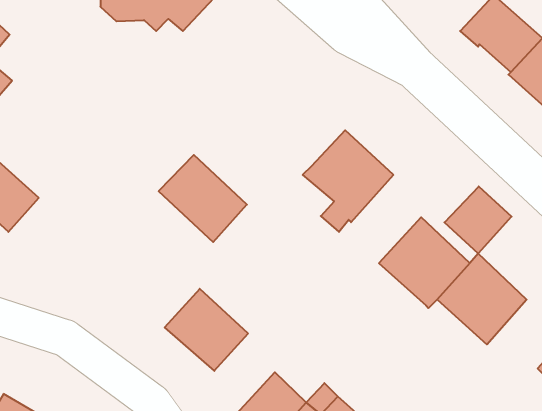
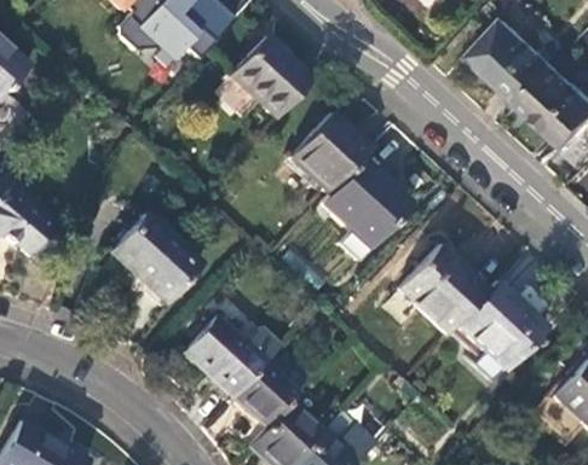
building: none -> [231,36,312,117]
building: none -> [290,112,371,193]
building: [159,155,247,242] -> [111,215,200,302]
building: [444,186,512,254] -> none
building: none -> [234,360,301,428]

